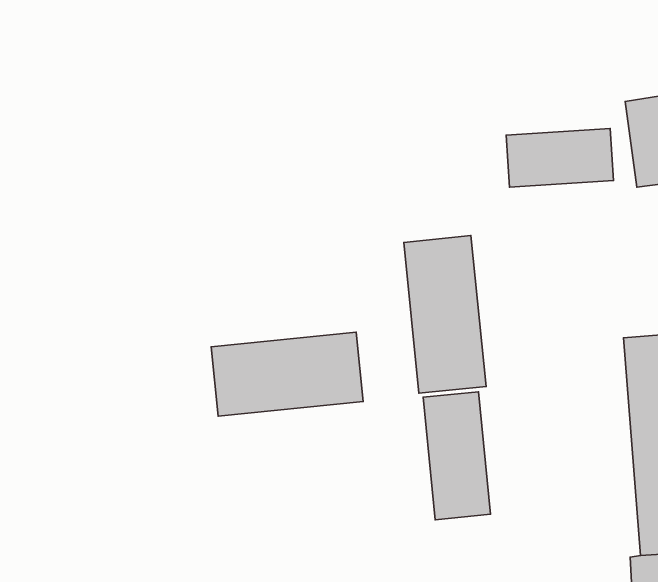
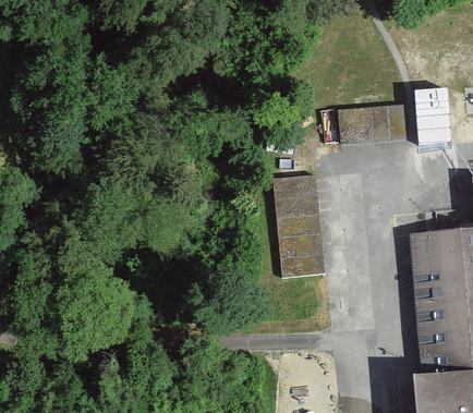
building: [211,332,363,416] -> none
building: [423,392,491,520] -> none

